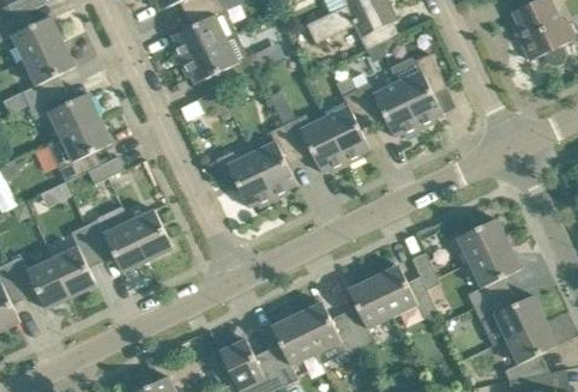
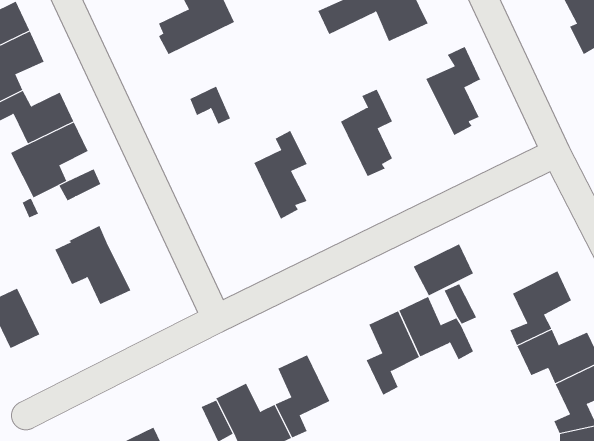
building: [179,34,263,85] -> none
building: [355,82,420,137] -> none
building: [282,114,347,173] -> none
building: [215,151,273,207] -> none
building: [128,209,173,260] -> none
building: [456,218,507,263] -> [413,244,474,296]
building: [52,225,97,297] -> none
building: [296,302,360,355] -> none

